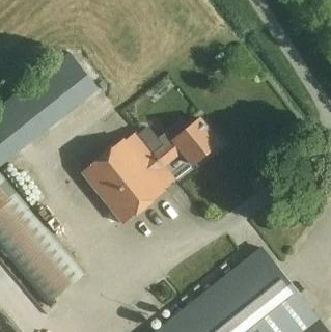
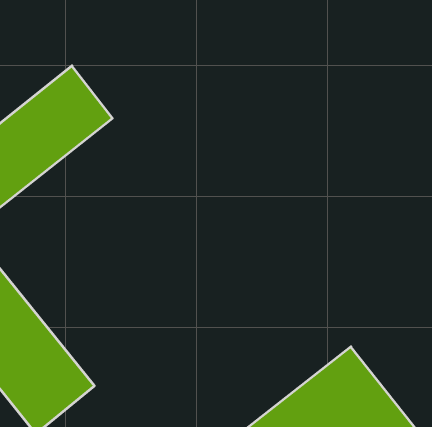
building: [80,119,218,225] -> none

